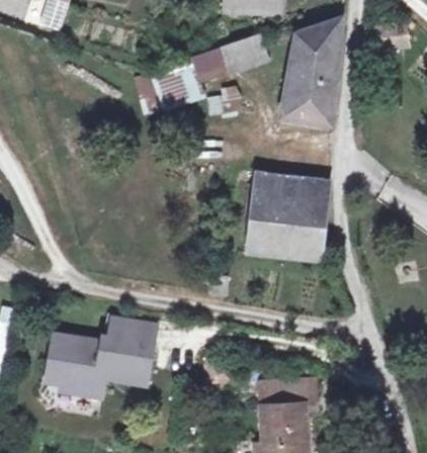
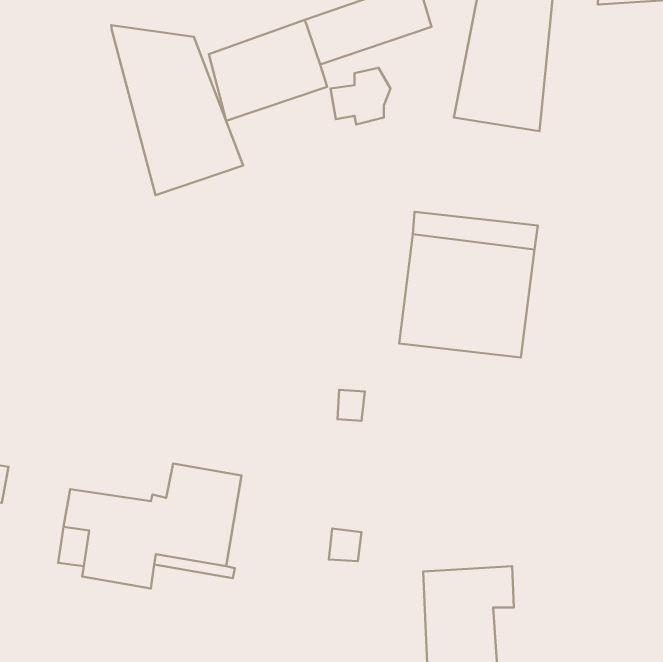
building: none -> [111,25,243,195]

